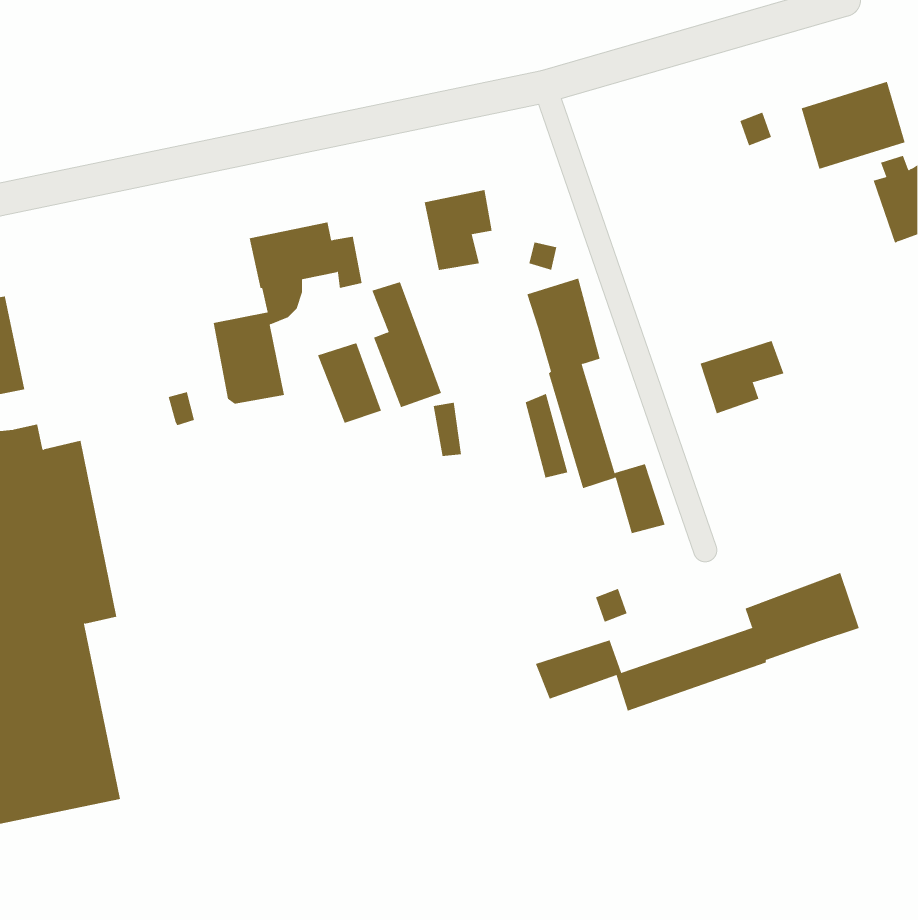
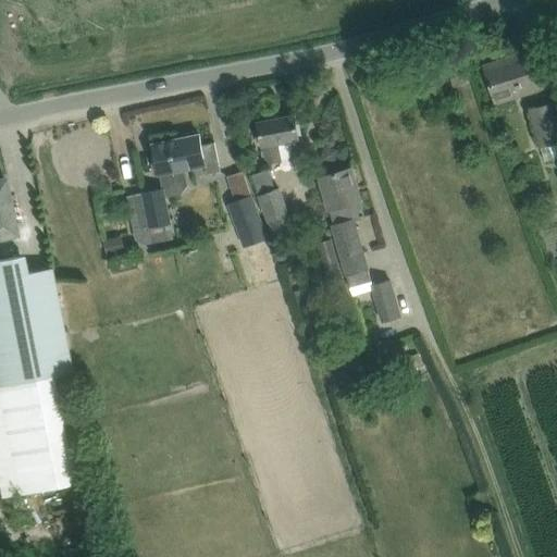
building: [700,340,784,414] -> none
building: [317,342,382,424] -> [255,187,294,236]
building: [535,572,860,711] -> none

